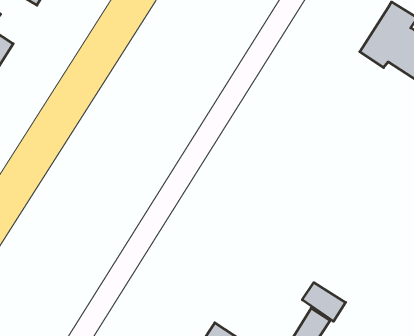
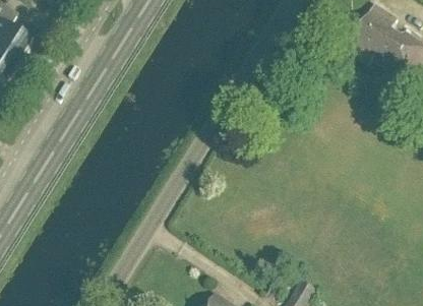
building: [302,283,346,321] -> none

